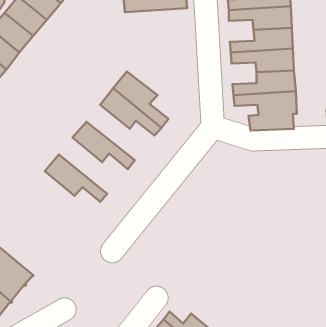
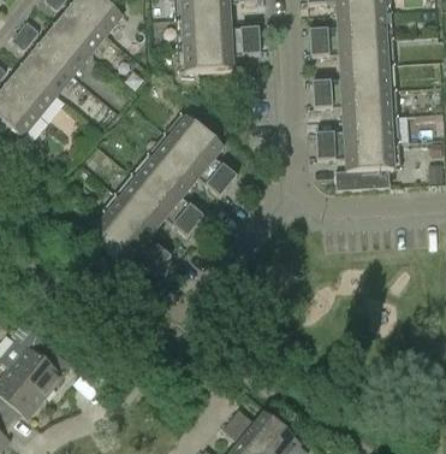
building: none -> [184,41,260,72]
building: none -> [137,159,204,226]
building: none -> [103,199,171,267]

